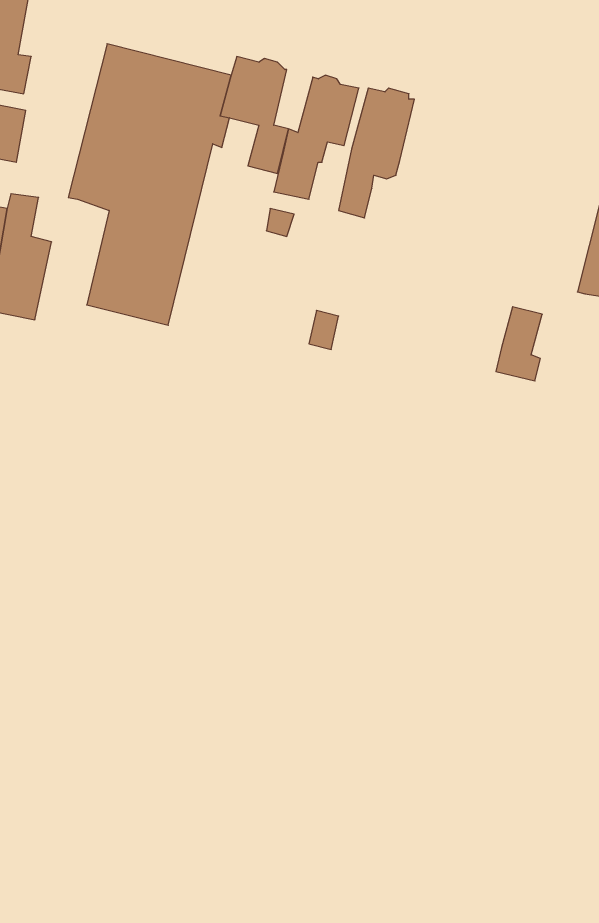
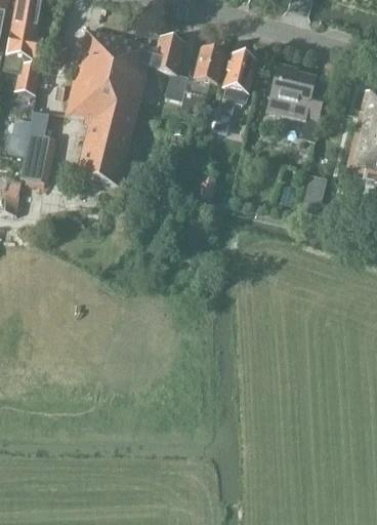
building: none -> [268,65,322,138]

